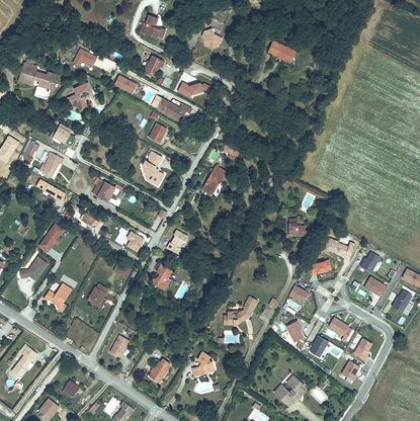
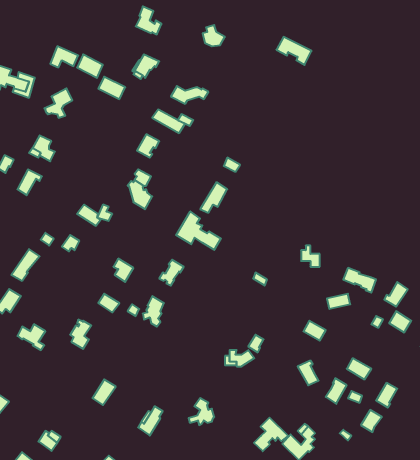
building: none -> [176,211,221,250]
building: none -> [254,418,288,451]

